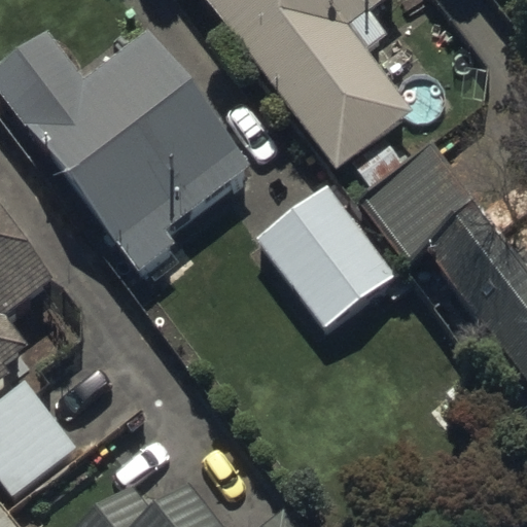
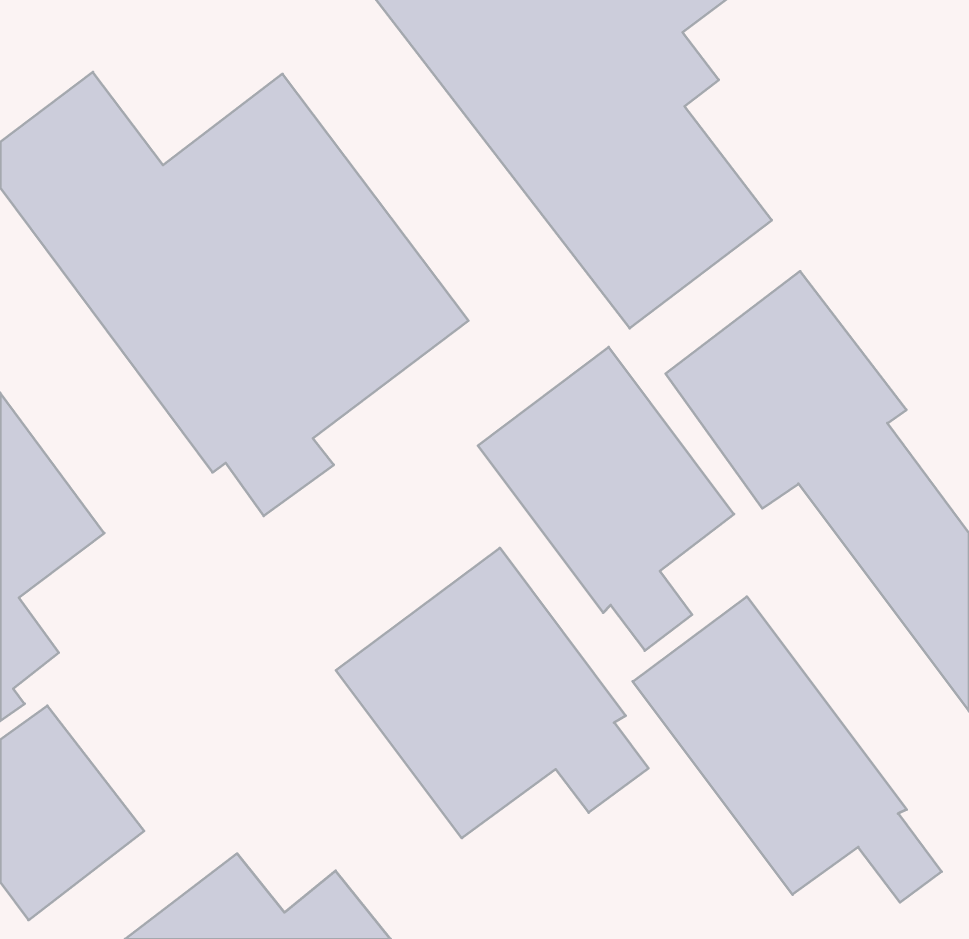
building: none -> [336,548,648,838]
building: none -> [633,597,942,902]

